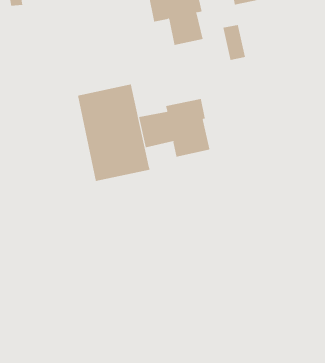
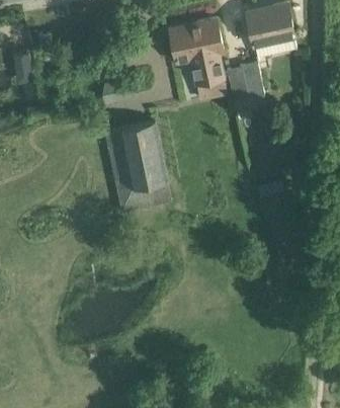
building: none -> [227,67,249,102]
building: [139,98,210,158] -> none

